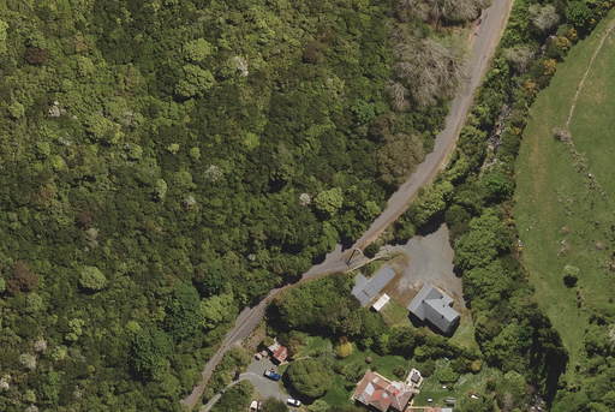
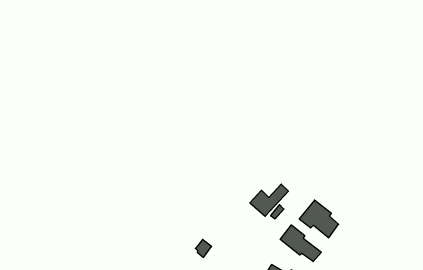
building: none -> [280,225,321,262]

